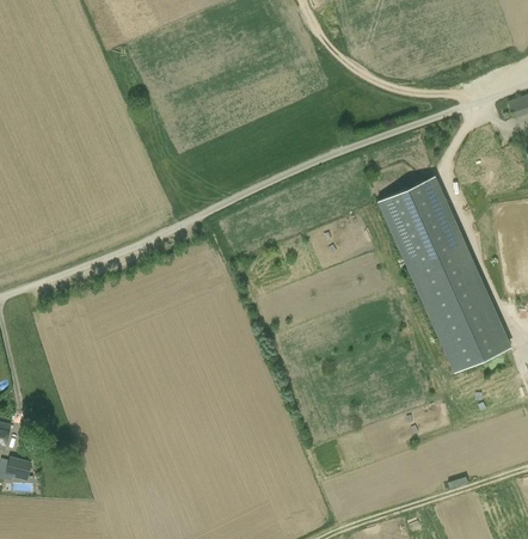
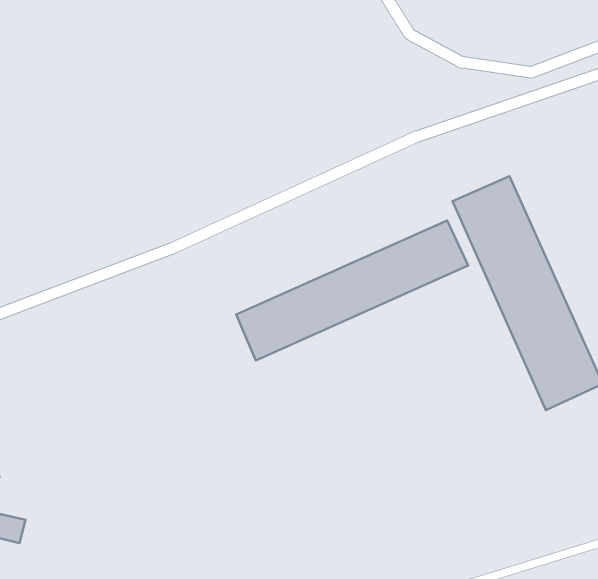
building: none -> [236,220,468,361]

